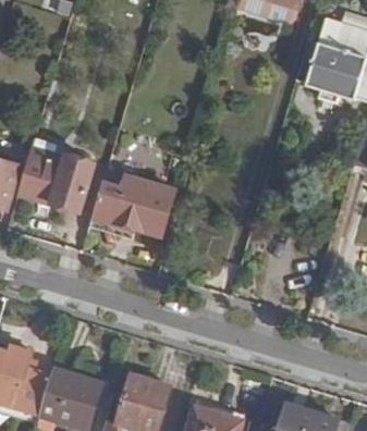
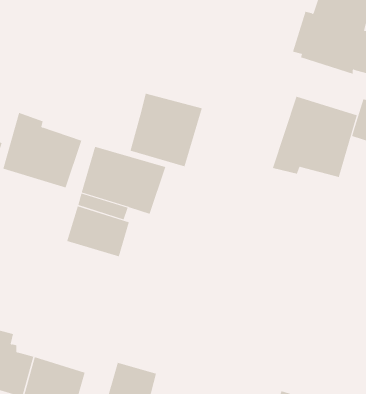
building: none -> [130,93,203,167]
building: none -> [272,96,357,178]
building: none -> [67,206,130,257]

